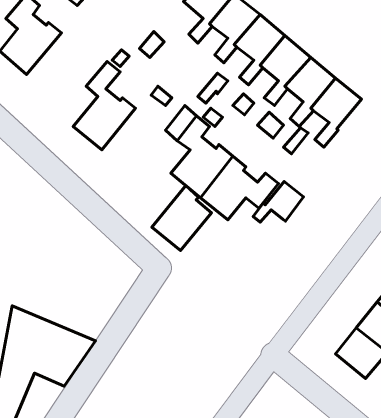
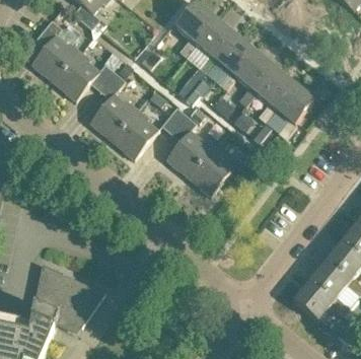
building: none -> [53,49,116,100]
building: [253,182,303,222] -> none
building: [152,186,212,251] -> [112,107,158,158]

